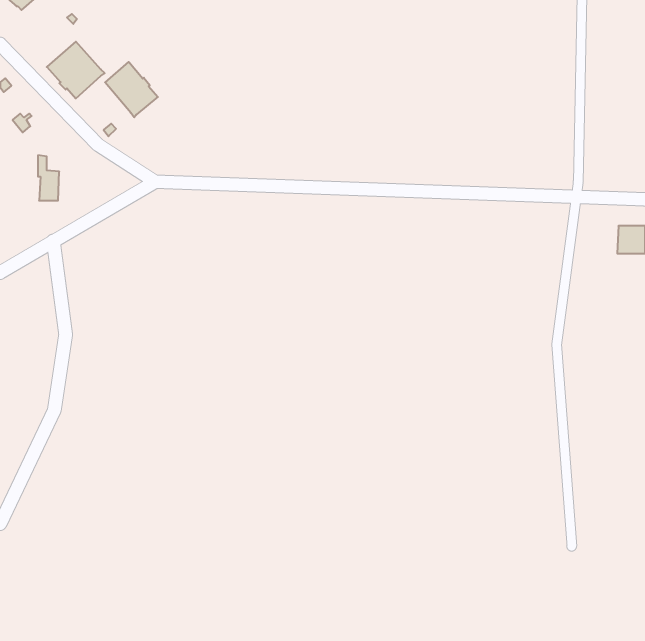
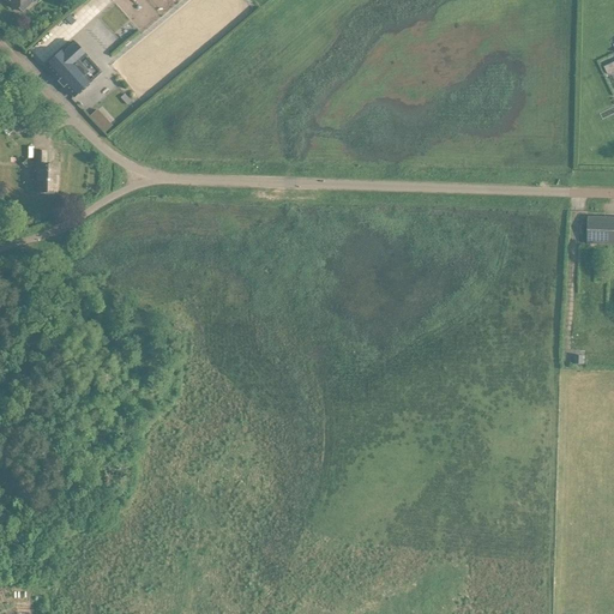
building: [105,62,158,117] -> none

